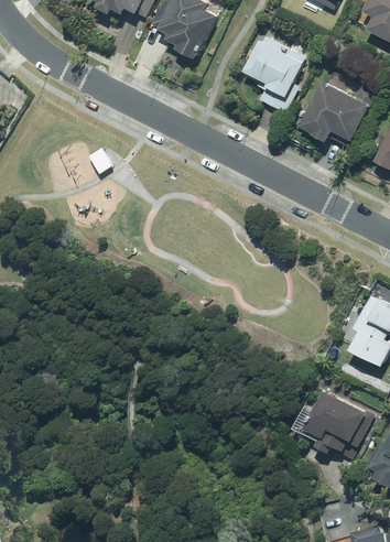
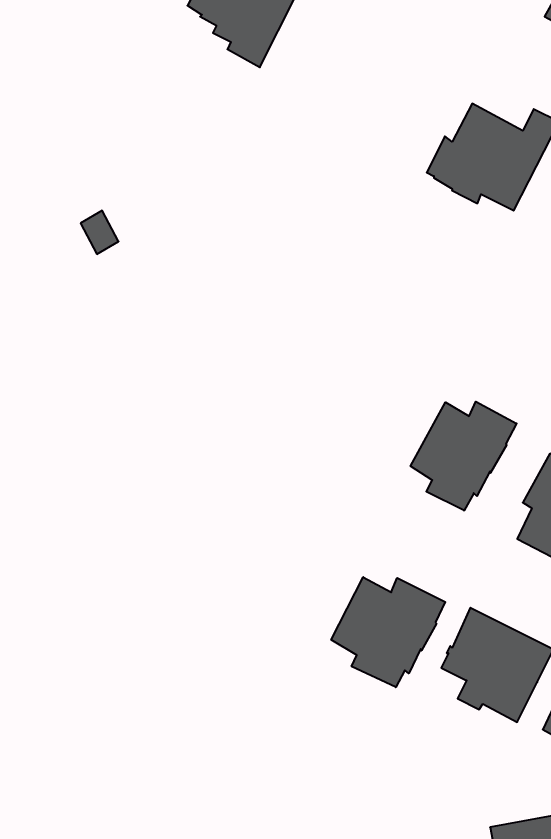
building: [242,37,304,113] -> none
building: none -> [411,402,517,511]
building: none -> [331,577,445,687]

